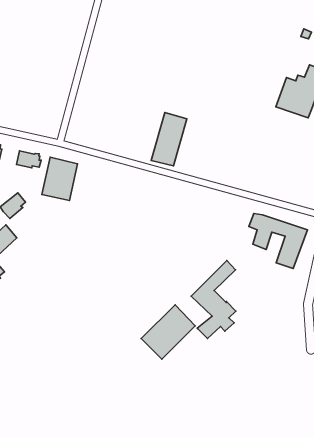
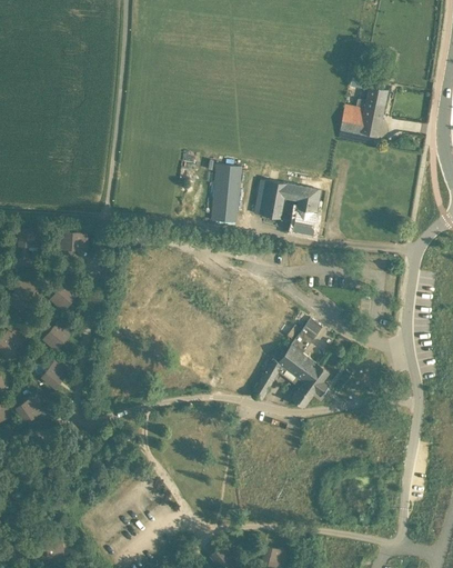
building: [42,157,78,201] -> none
building: [249,213,307,269] -> [255,182,321,237]
building: [141,305,195,359] -> none

